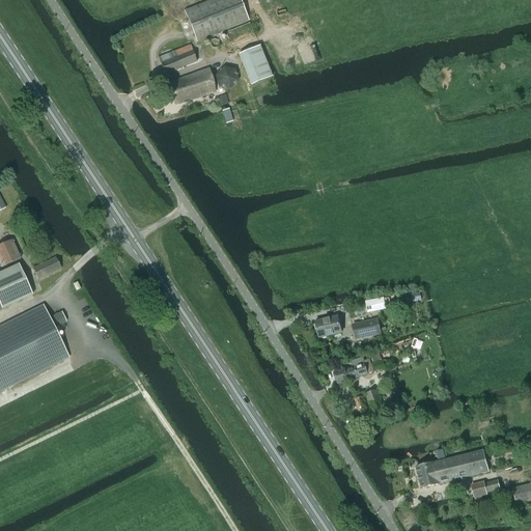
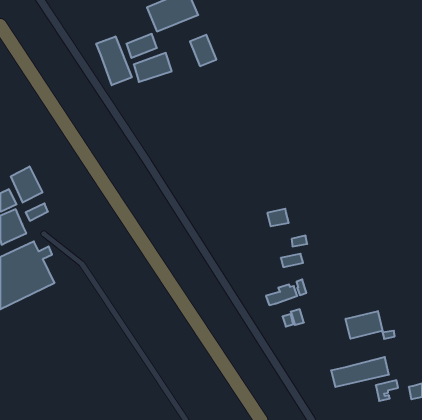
building: none -> [96,36,132,85]
building: [215,64,239,87] -> none
building: none -> [11,166,42,203]
building: [315,313,342,335] -> [267,209,289,226]
building: none -> [346,311,383,339]

